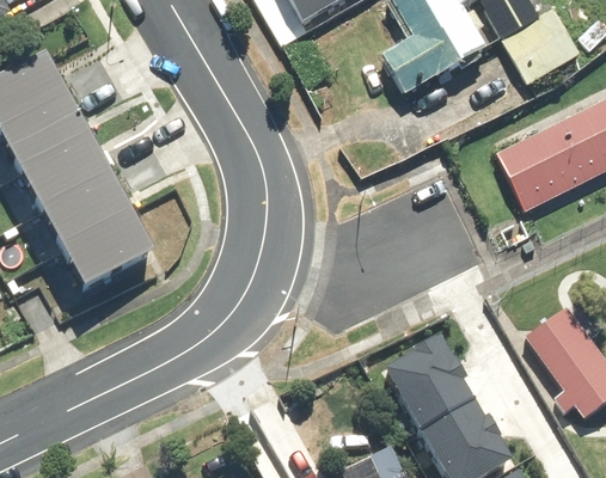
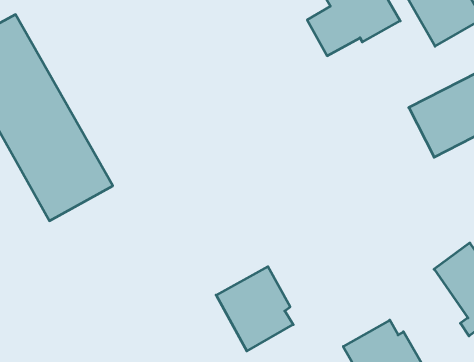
building: [385,331,472,427] -> [216,267,293,351]

